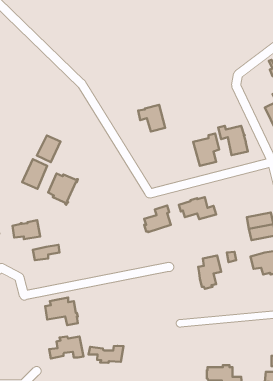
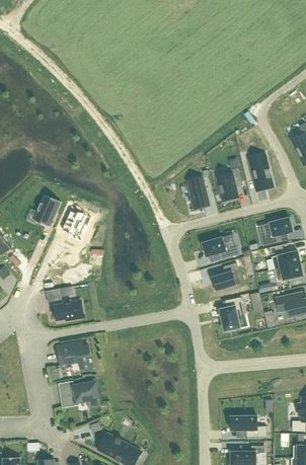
building: [138,105,165,132] -> [180,180,209,209]
building: [37,135,60,162] -> none
building: none -> [260,218,293,246]
building: [144,206,171,232] -> [212,262,240,291]
building: [12,220,40,239] -> [54,300,83,320]
building: [89,346,124,363] -> none

